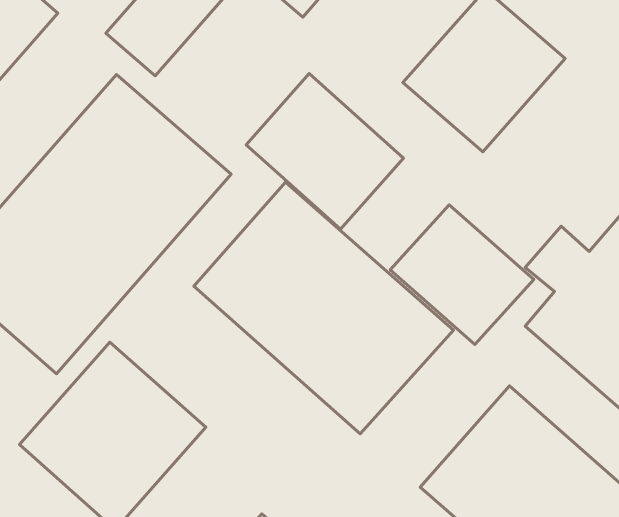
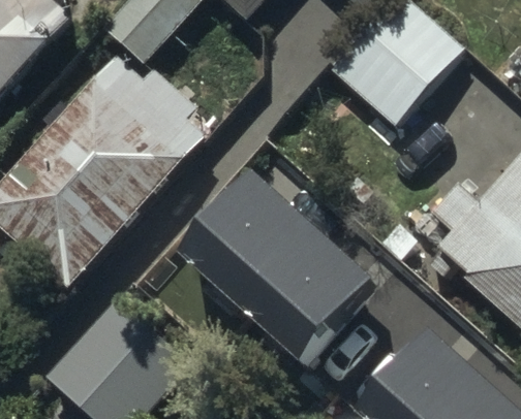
building: [246,73,404,229] -> none
building: [390,205,534,345] -> none

